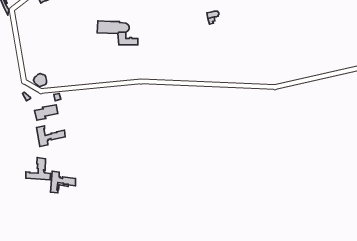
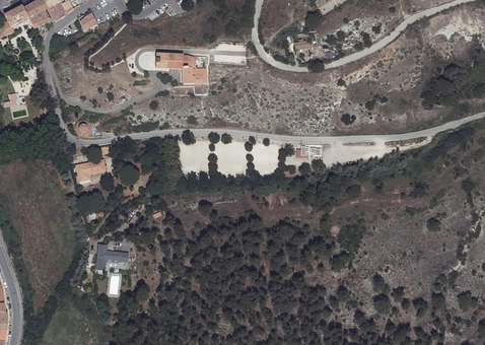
building: [36,126,65,146] -> none
building: [26,158,50,180] -> none

